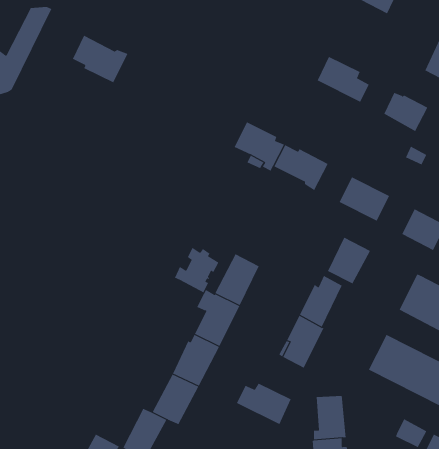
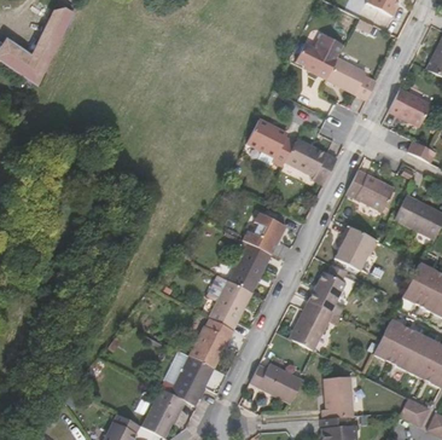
building: none -> [293,34,342,79]
building: [72,35,128,83] -> none
building: [174,247,219,293] -> [243,210,285,254]

